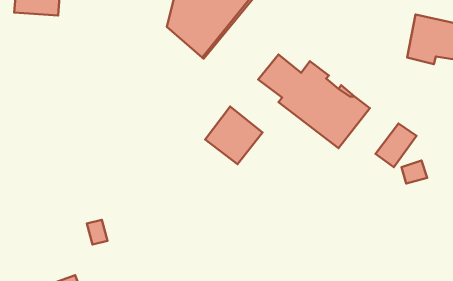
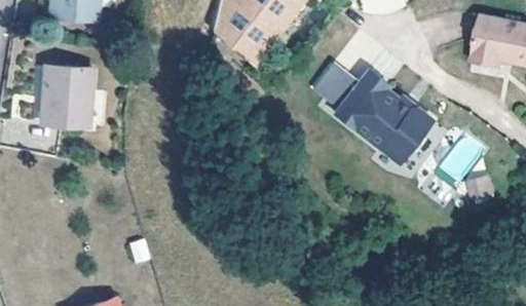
building: none -> [40,65,91,125]
building: [205,107,263,164] -> none

